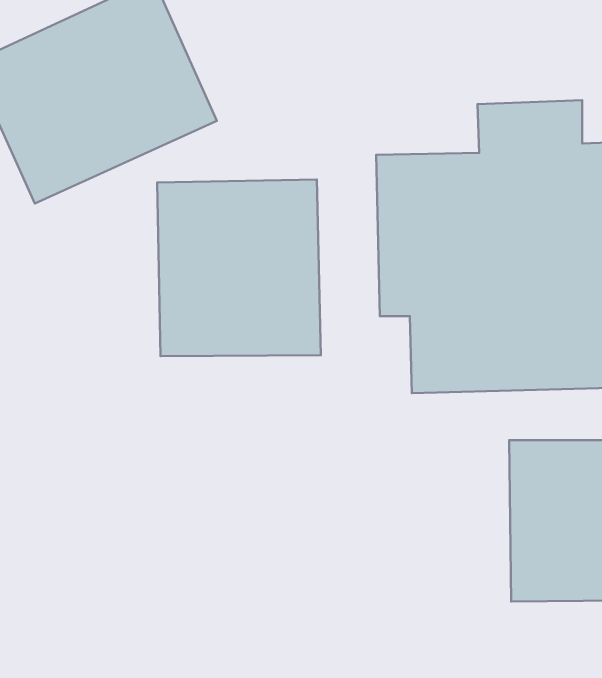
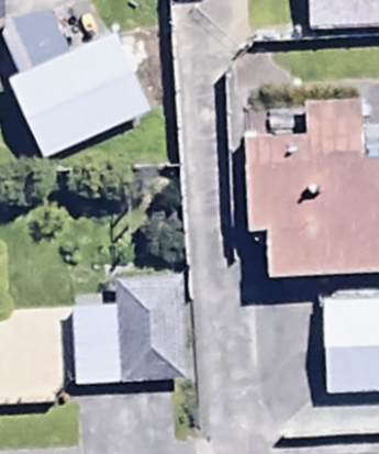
building: [157,179,321,356] -> none
building: none -> [75,274,188,385]

